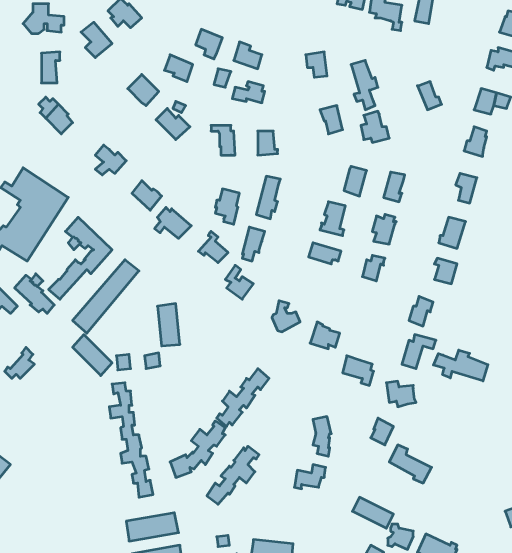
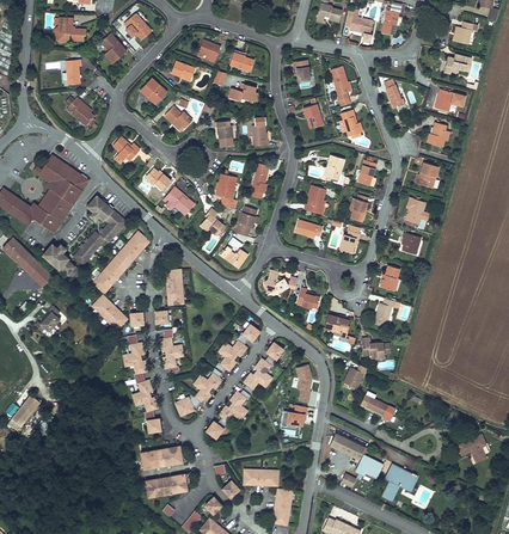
building: [433,350,488,381] -> none
building: none -> [158,330,184,374]
building: none -> [244,344,284,394]

